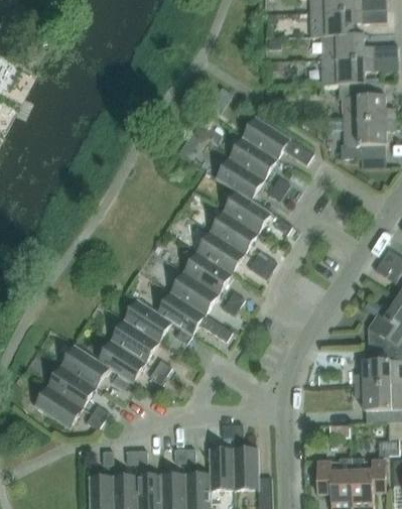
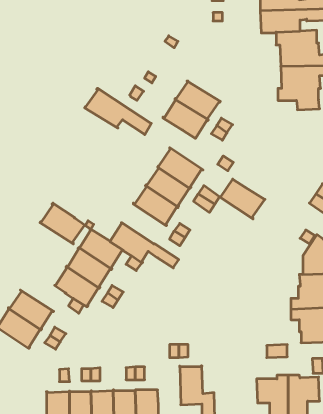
building: [242,116,314,166] -> [85,88,151,135]
building: [223,190,272,234] -> [220,179,265,219]
building: [170,271,219,314] -> none
building: [60,344,110,388] -> [40,203,85,244]
building: [209,448,235,490] -> none

